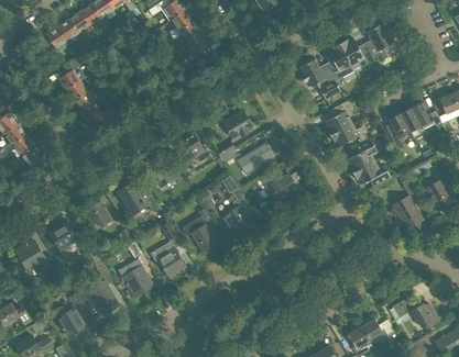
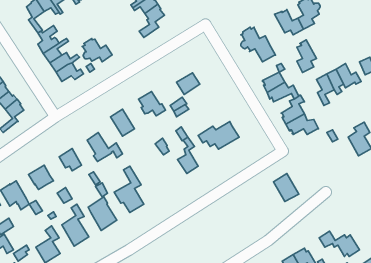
building: [328,43,351,81] -> [297,40,317,72]
building: none -> [82,39,112,62]
building: [237,143,274,174] -> none
building: [393,196,423,228] -> [274,174,299,202]
building: [182,208,217,250] -> none

